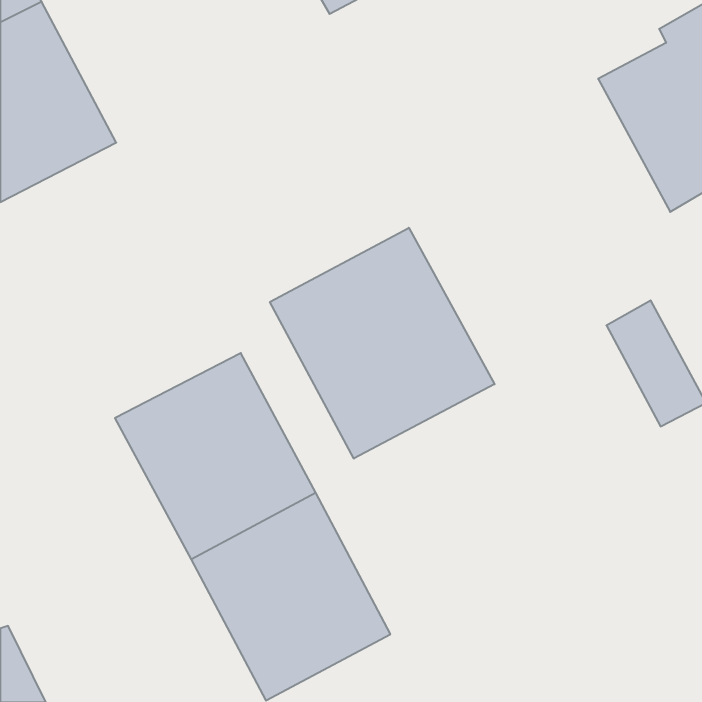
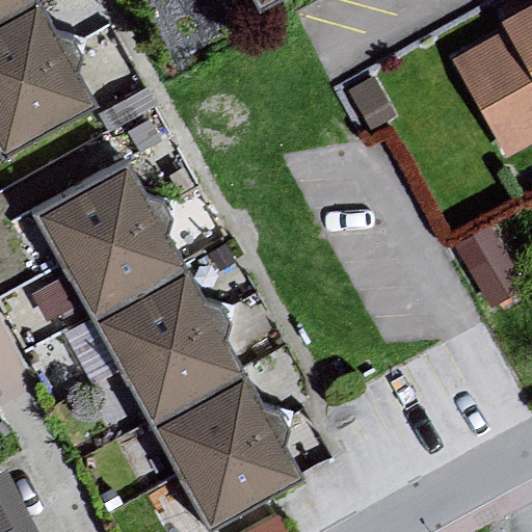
building: none -> [35,159,185,314]
building: [270,228,495,459] -> none

